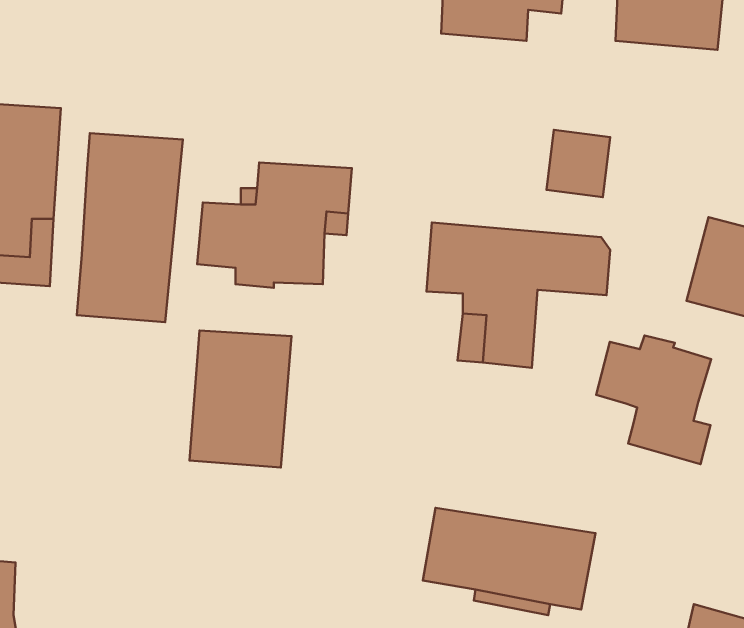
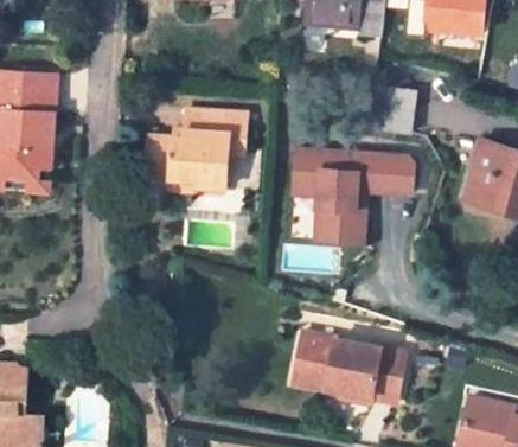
building: [77,133,183,322] -> none
building: [189,331,291,468] -> none
building: [596,336,711,464] -> none

